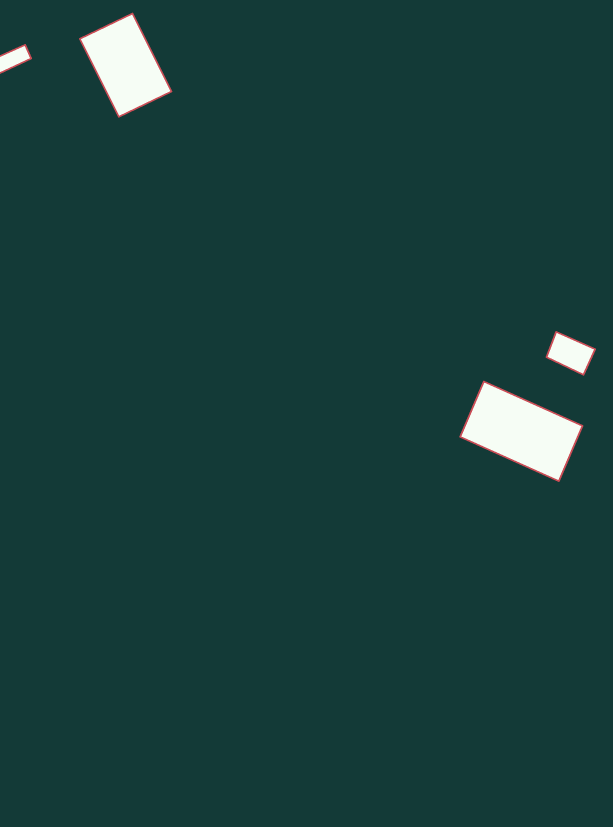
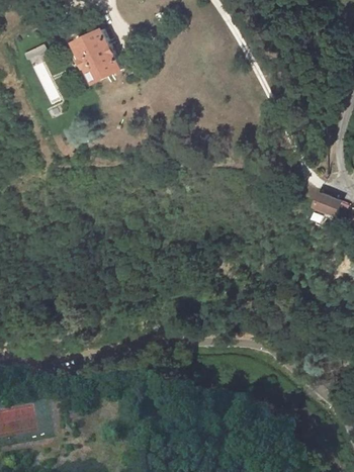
building: [460,381,582,481] -> none

